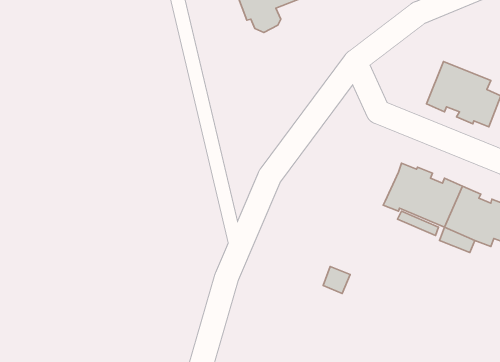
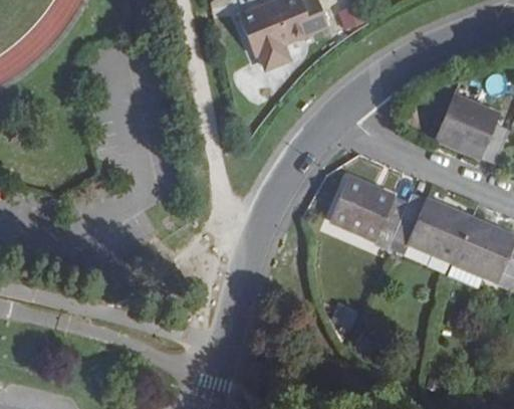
building: none -> [331,178,407,237]

